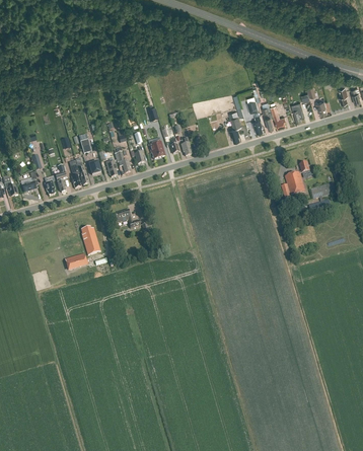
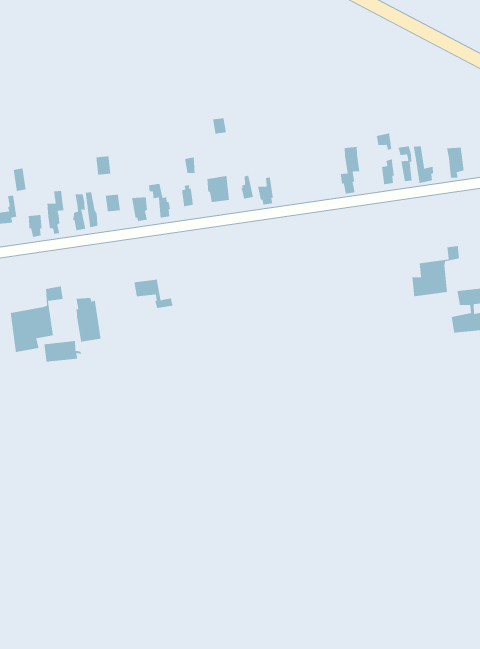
building: none -> [10,285,64,353]

